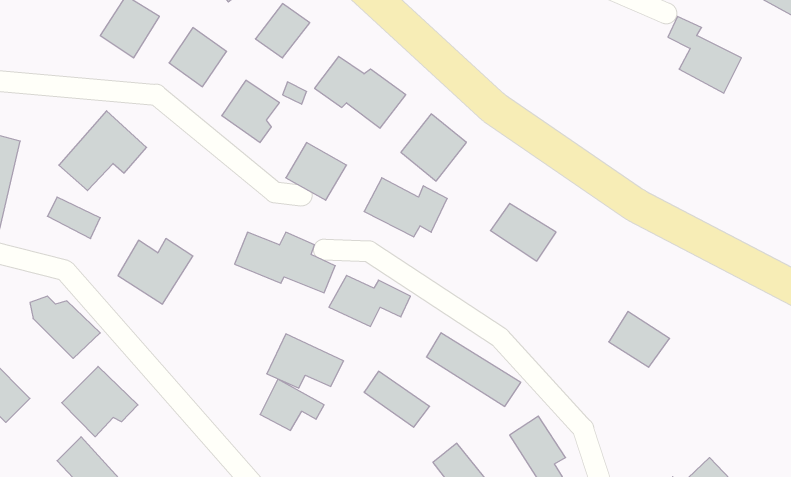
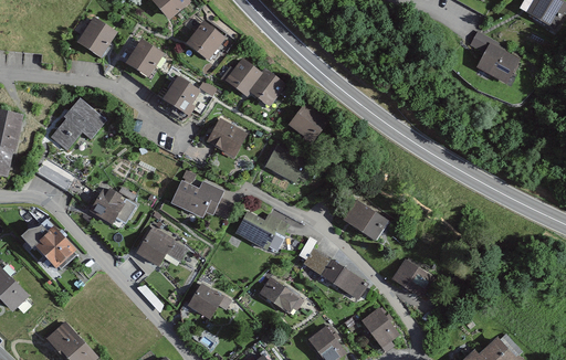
building: [490,203,556,261] -> [343,200,388,240]
building: [609,311,670,367] -> [392,260,434,298]
building: [267,334,344,388] -> [137,225,190,263]
building: [62,366,138,437] -> none

